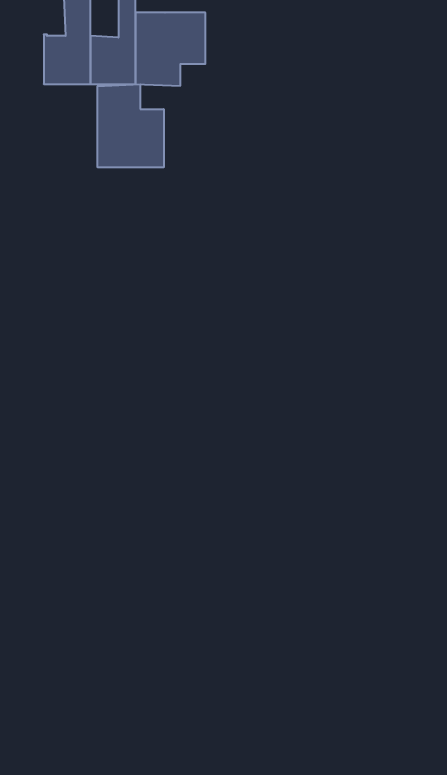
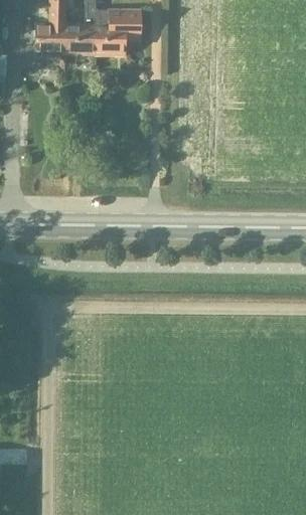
building: [98,84,164,167] -> none

